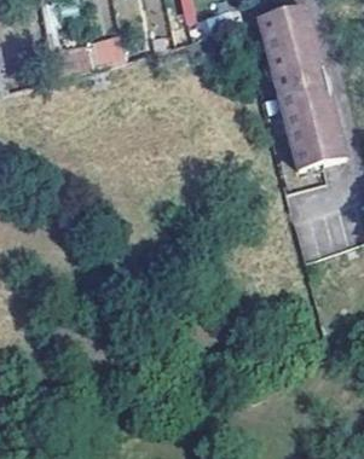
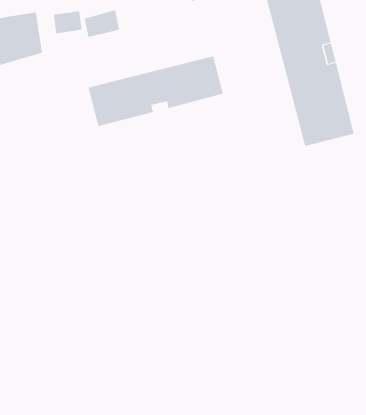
building: none -> [88,55,223,127]

